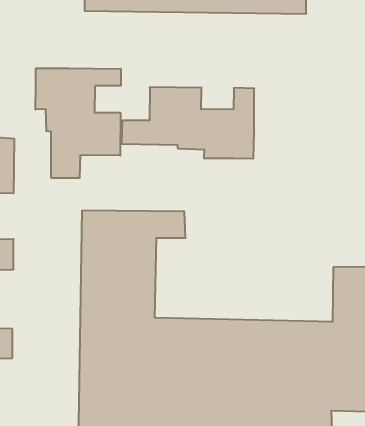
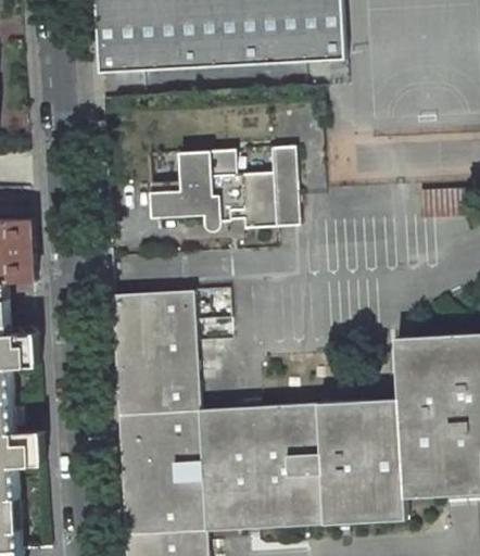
building: [35,68,121,178] -> none

